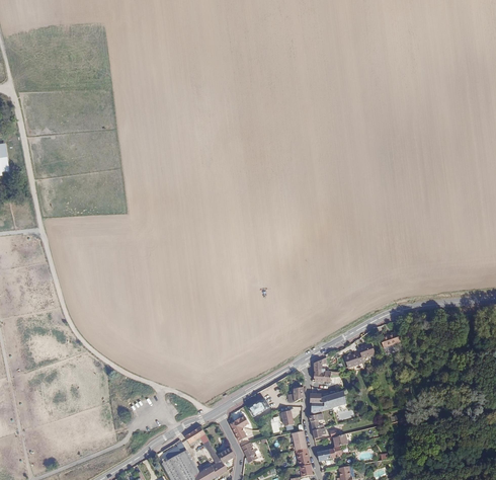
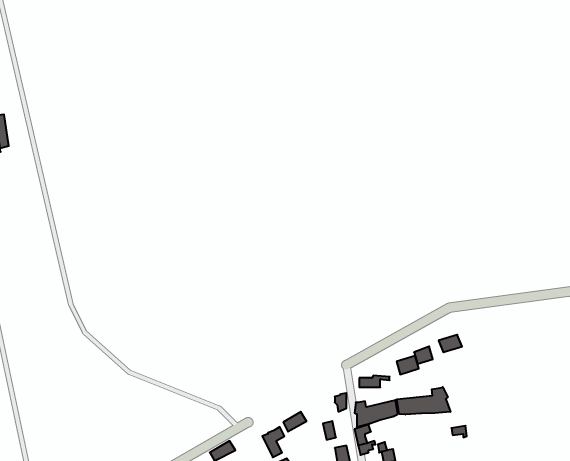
building: none -> [397,387,450,415]

